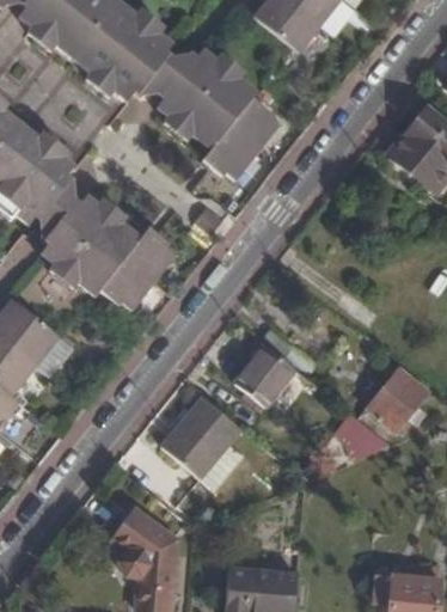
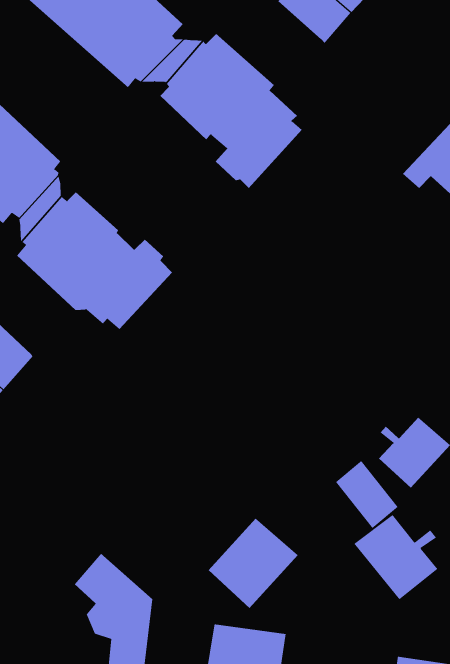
building: [228,339,290,403] -> none
building: [164,393,241,472] -> [208,518,299,609]
building: none -> [353,514,438,600]

